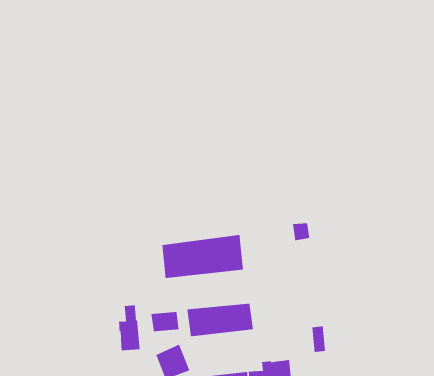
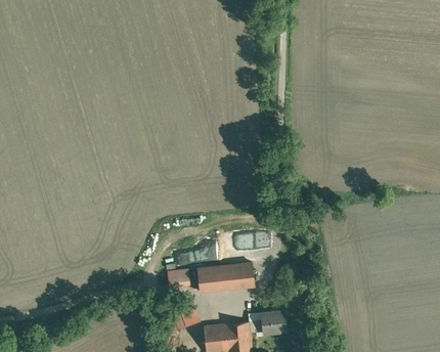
building: [162,234,243,279] -> none
building: [118,305,140,351] -> none

